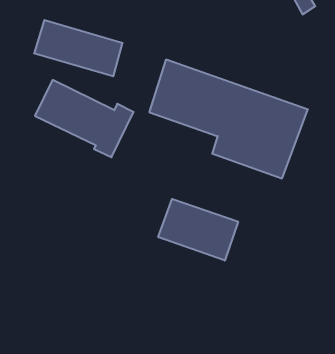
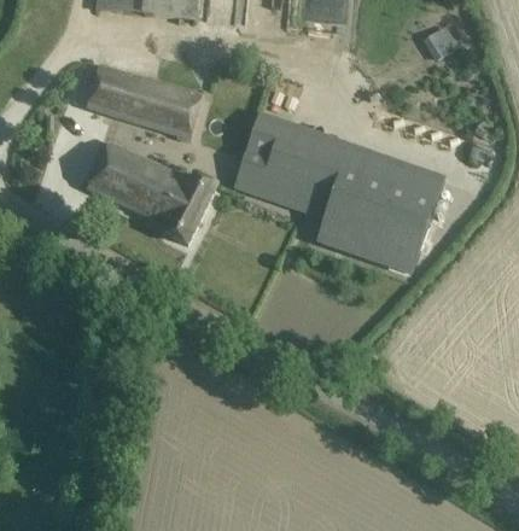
building: [158,199,238,261] -> none

